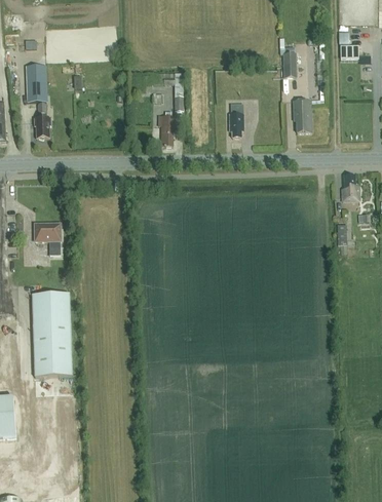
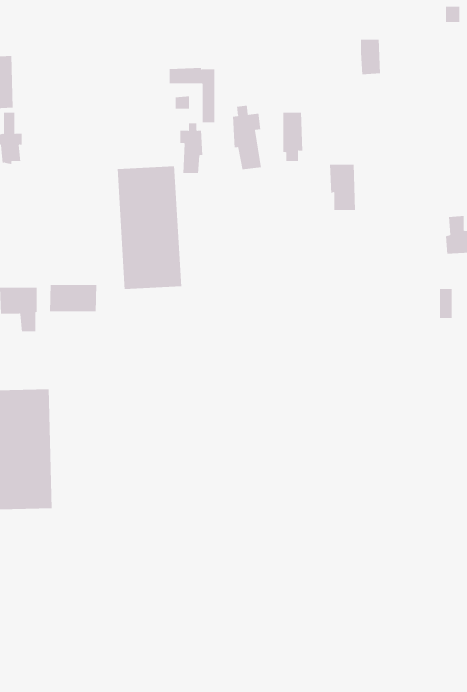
building: none -> [232,105,262,170]
building: [294,100,312,131] -> [329,164,356,211]
building: none -> [117,165,182,290]
building: none -> [49,284,97,312]

